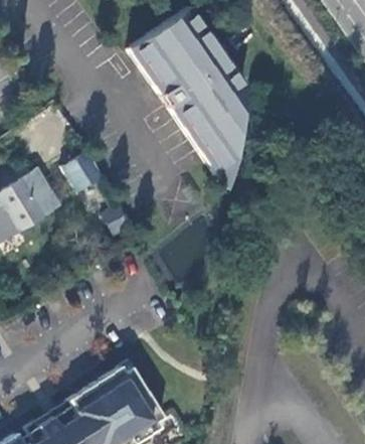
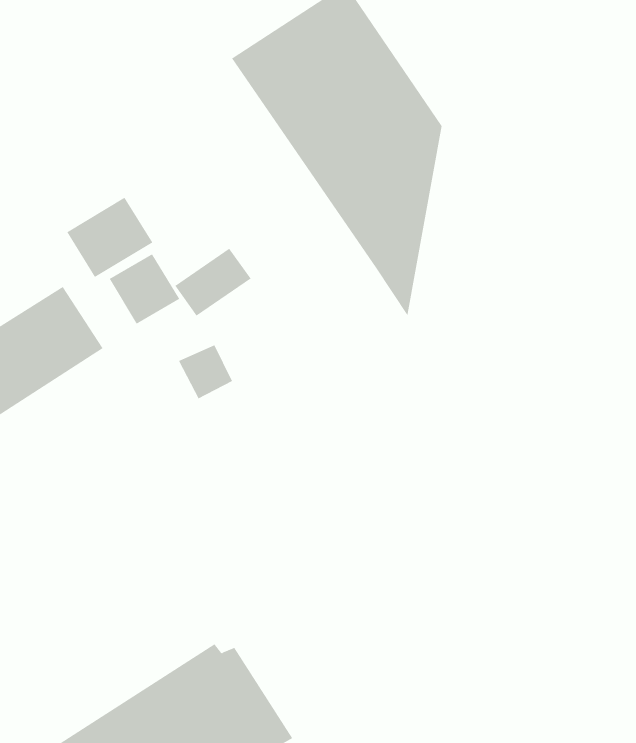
building: none -> [66,197,153,278]
building: none -> [174,248,251,316]

